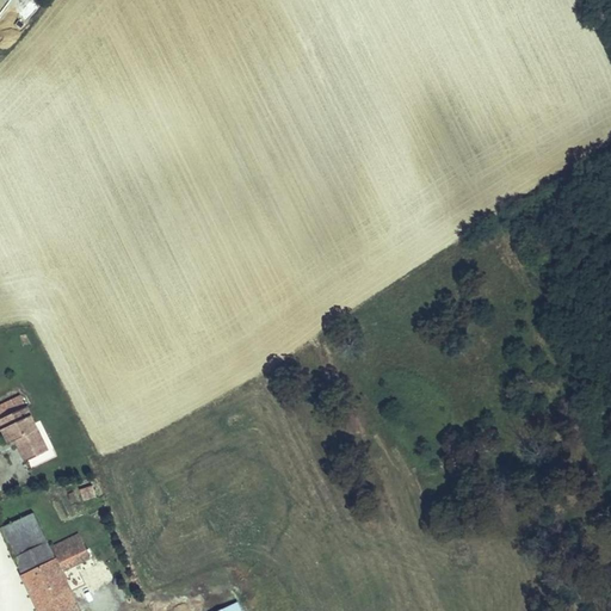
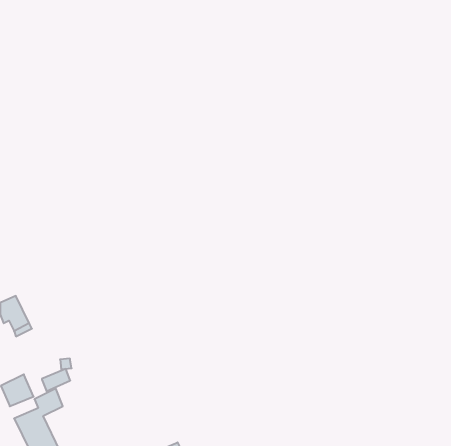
building: [14,543,53,573] -> [42,369,70,391]

